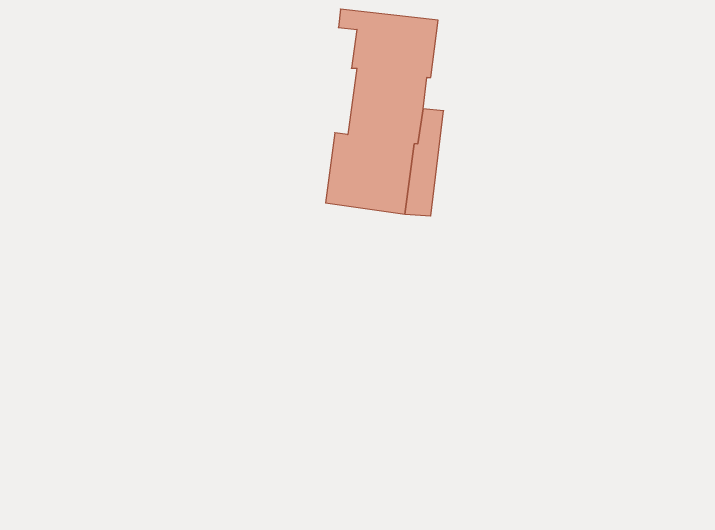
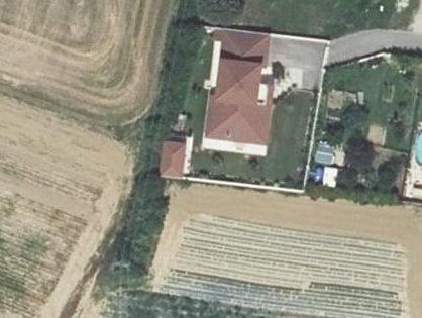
building: none -> [159,140,190,181]

